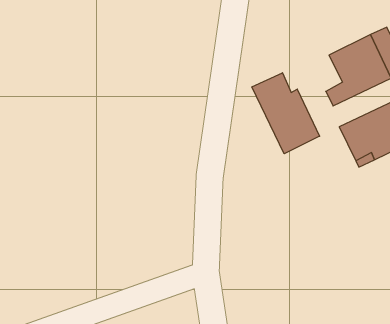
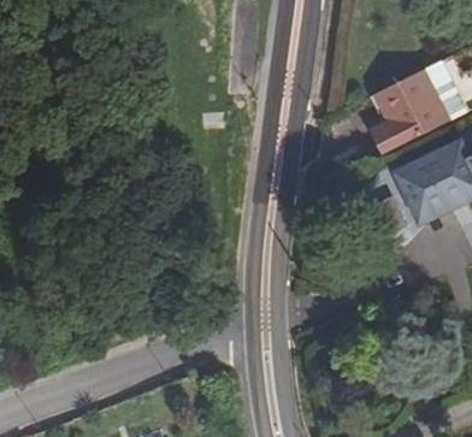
building: [252,73,320,154] -> none

